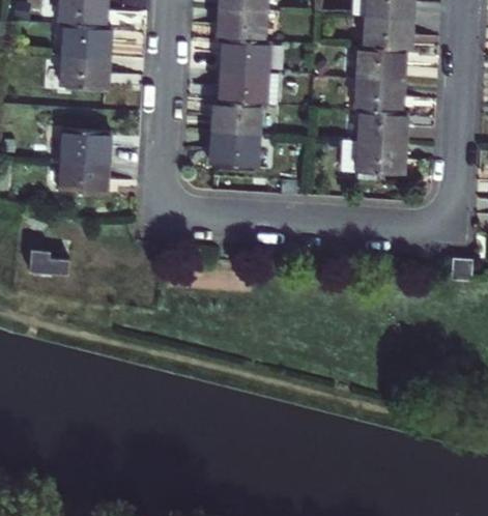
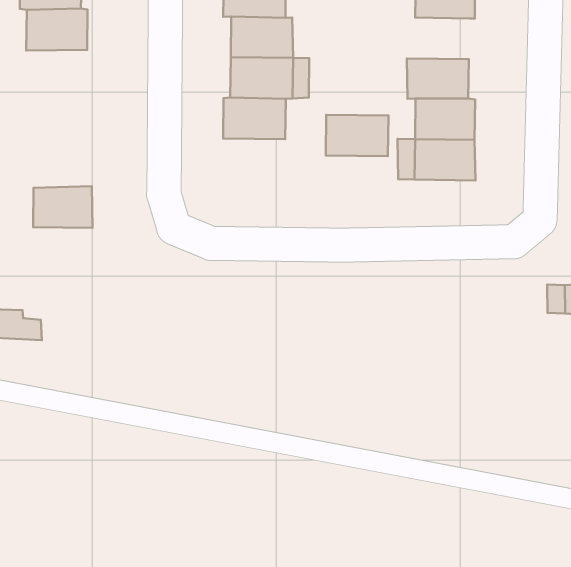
building: [354,46,404,80] -> none
building: [62,55,110,87] -> none
building: [63,128,110,162] -> none
building: [208,131,258,165] -> [326,115,389,156]

